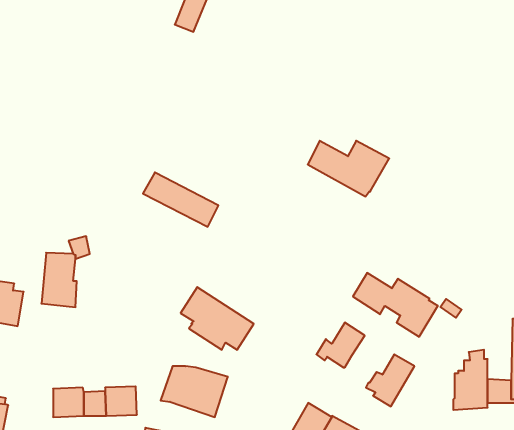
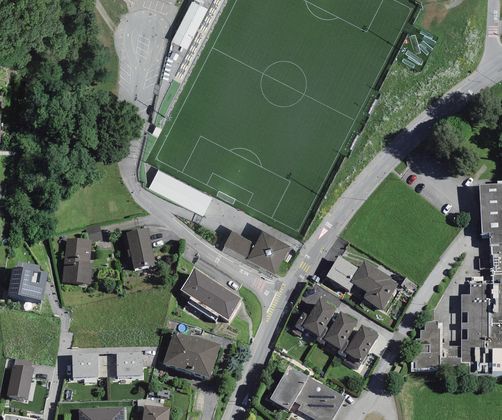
building: [308,141,389,196] -> [221,230,290,277]
building: none -> [126,227,155,269]
building: none -> [316,311,357,348]

